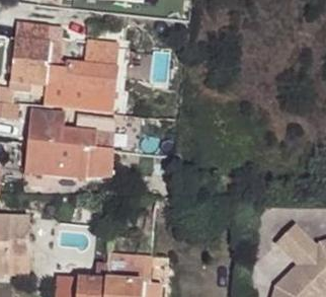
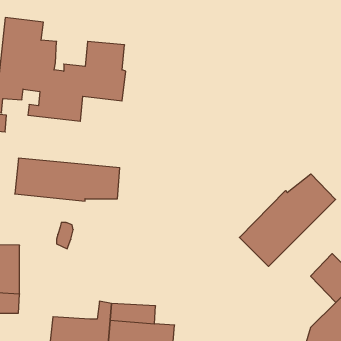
building: [27,108,114,149] -> none
building: none -> [239,174,336,266]

